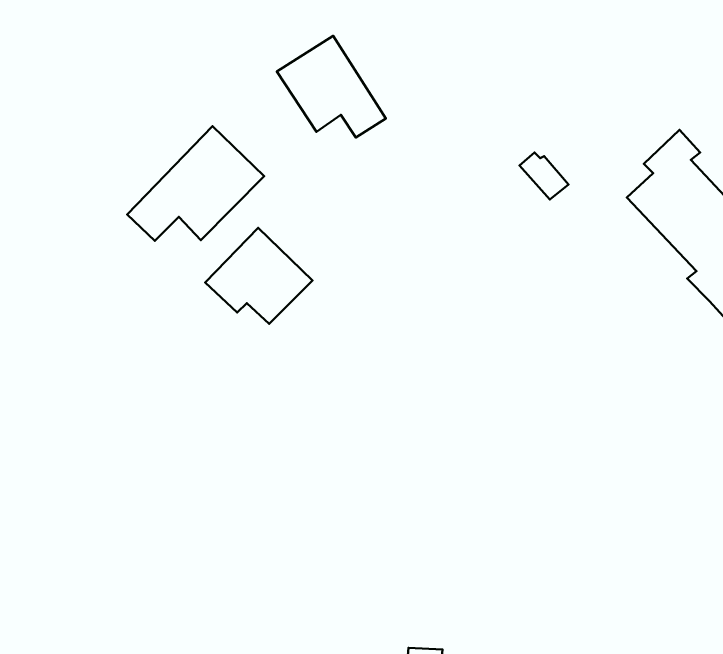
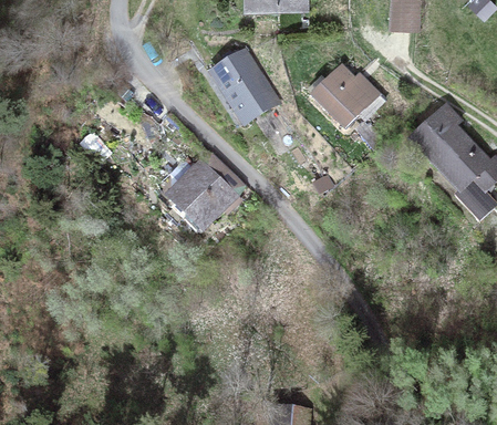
building: none -> [311,64,374,127]
building: [127,126,264,241] -> none

